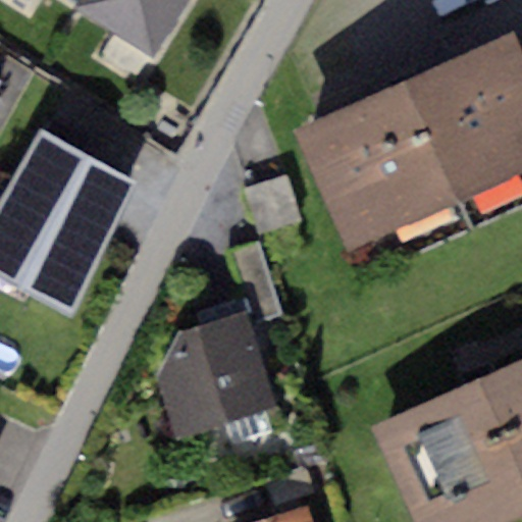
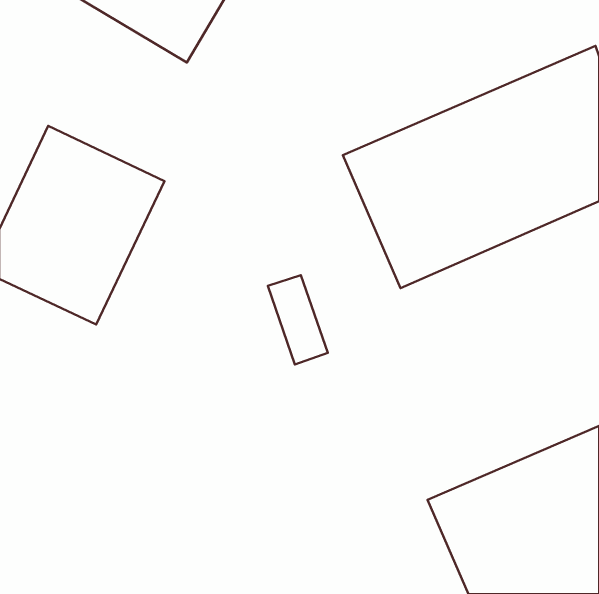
building: [159,312,277,445] -> none

